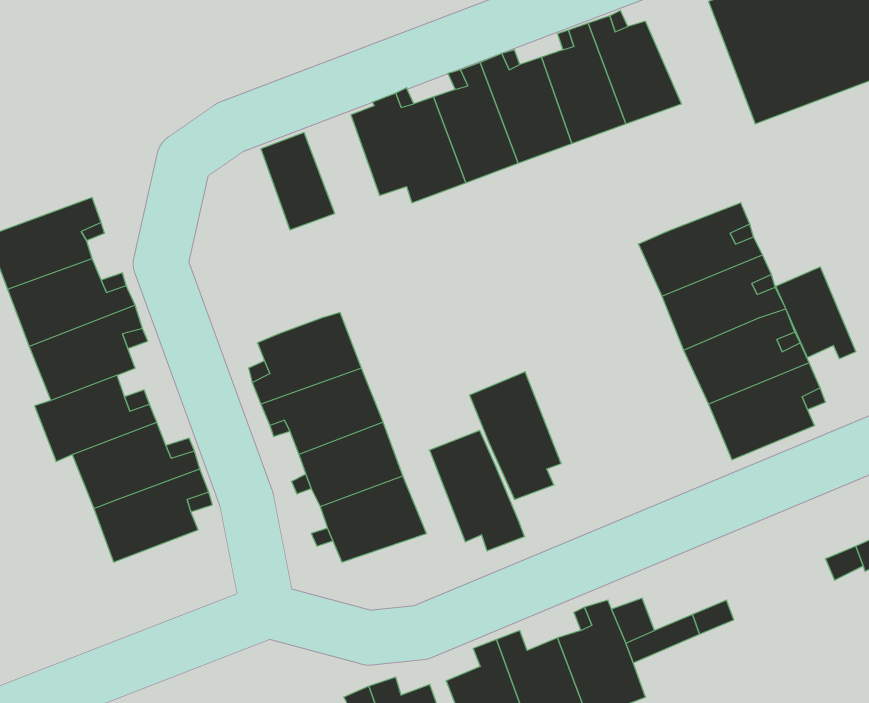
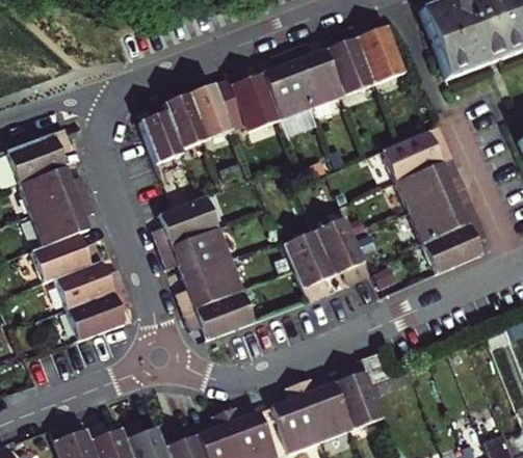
building: none -> [187,81,231,138]
building: none -> [138,101,181,162]
building: [776,267,856,359] -> none
building: [429,431,525,551] -> [315,218,370,288]

